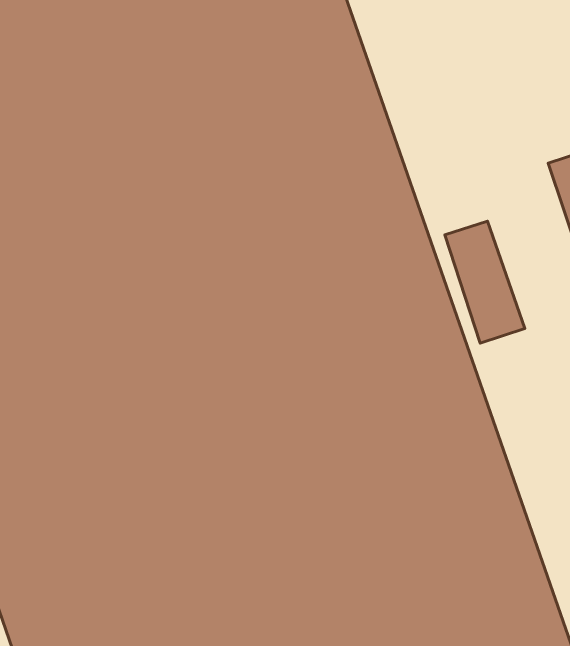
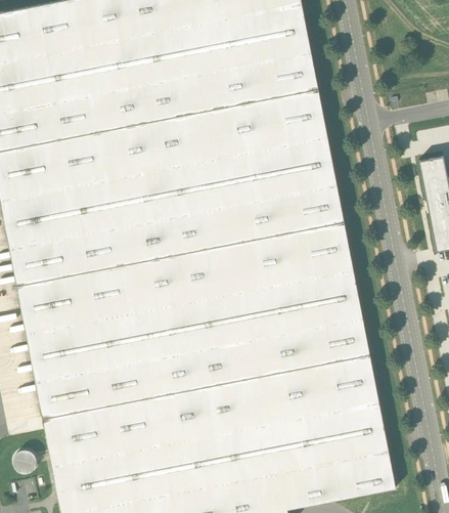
building: [445,221,525,343] -> none

